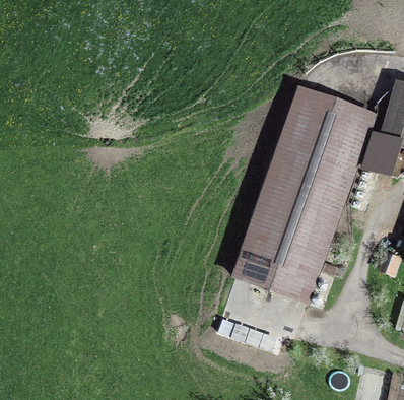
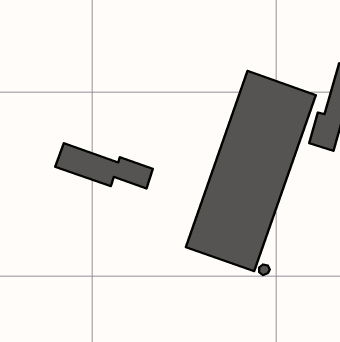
building: none -> [55,143,153,189]

